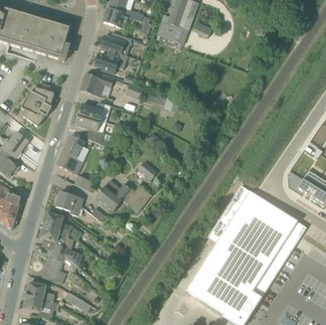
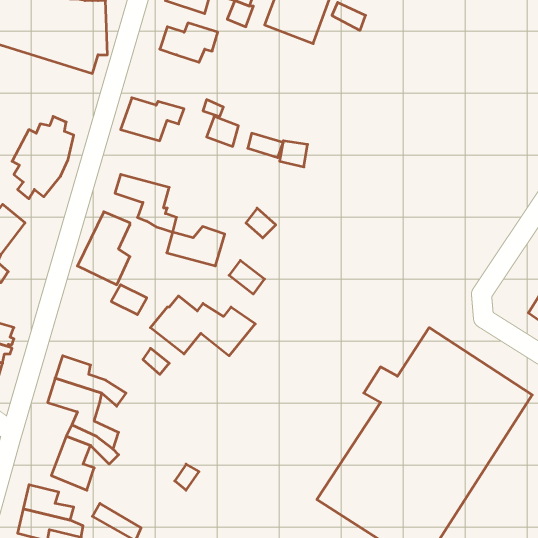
building: [94,49,127,72] -> none
building: [78,100,110,121] -> [167,227,225,266]
building: [55,190,83,214] -> none

